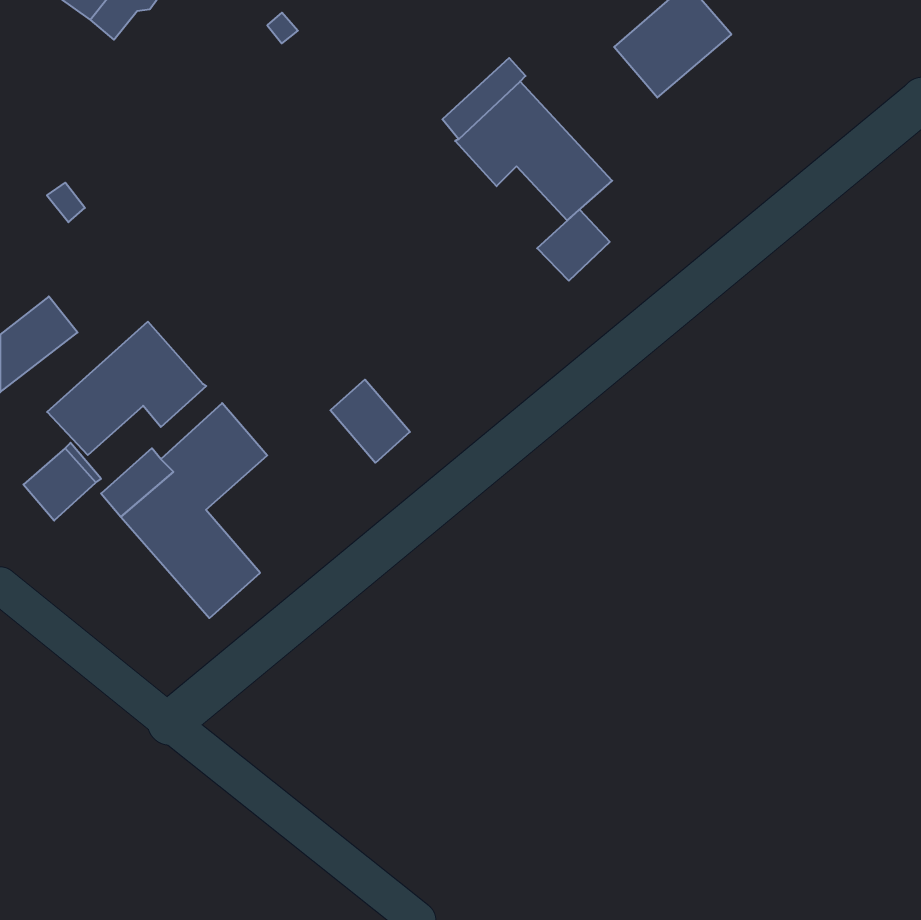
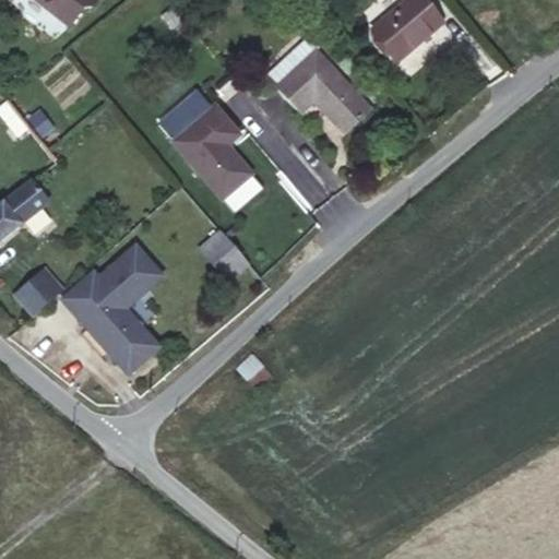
building: none -> [159,90,251,198]
building: [537,209,610,281] -> none
building: [47,322,206,455] -> none

